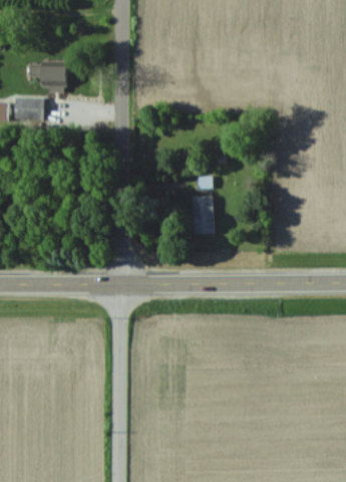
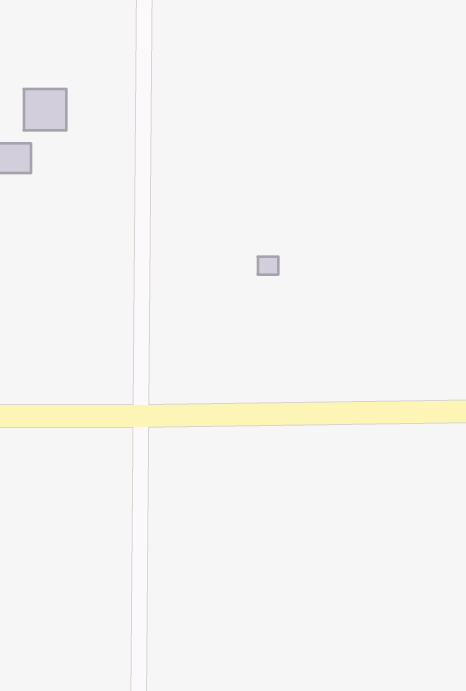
building: [193,196,214,234] -> none

